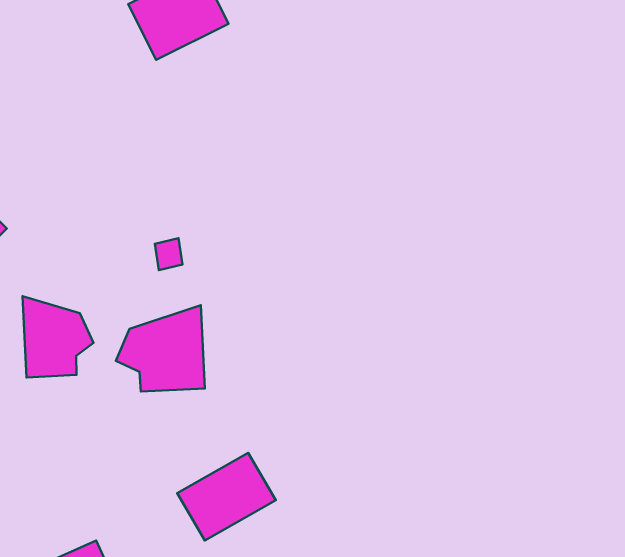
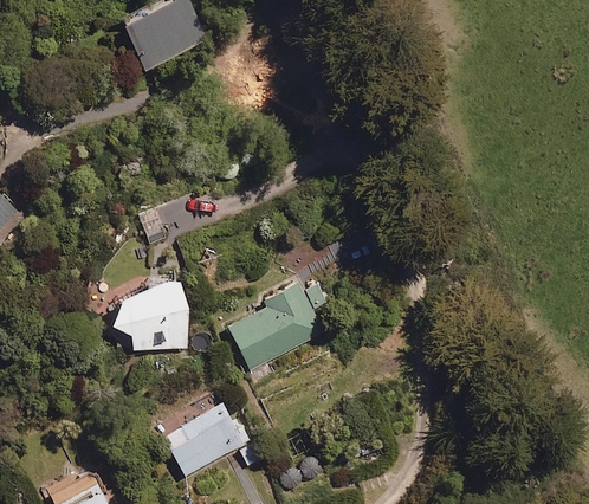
building: [22,296,94,378] -> none
building: none -> [228,283,332,371]

